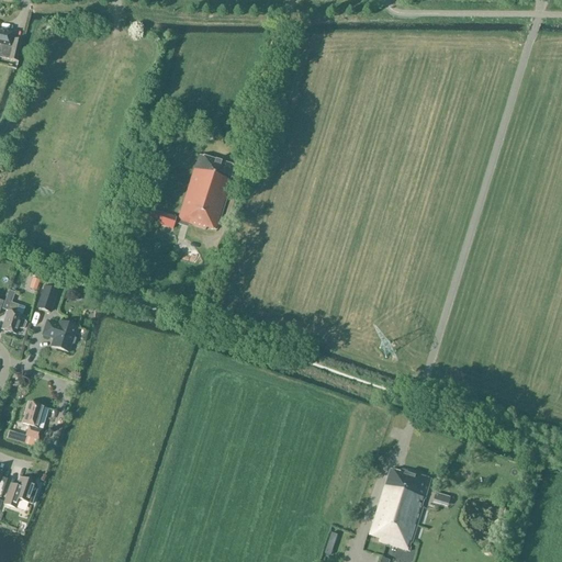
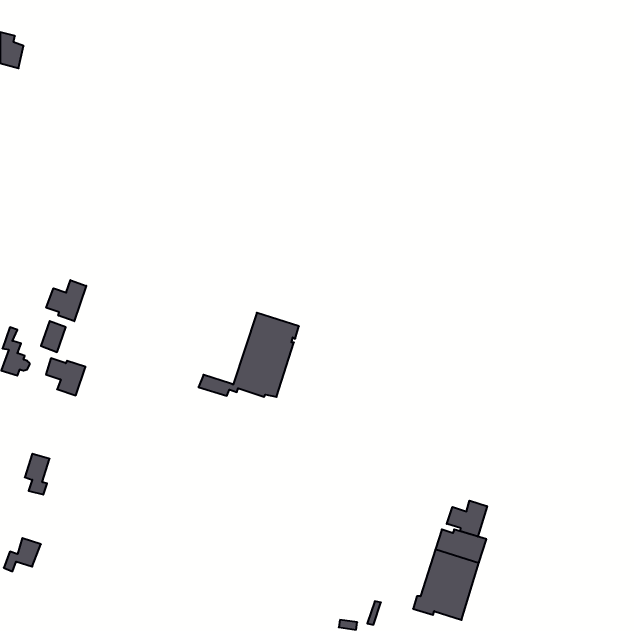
building: [147,154,236,228] -> [198,313,299,397]
building: none -> [46,280,86,321]
building: none -> [447,501,487,537]

